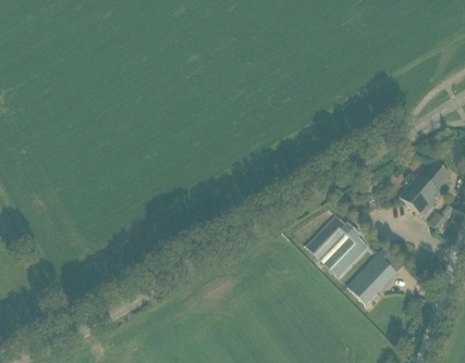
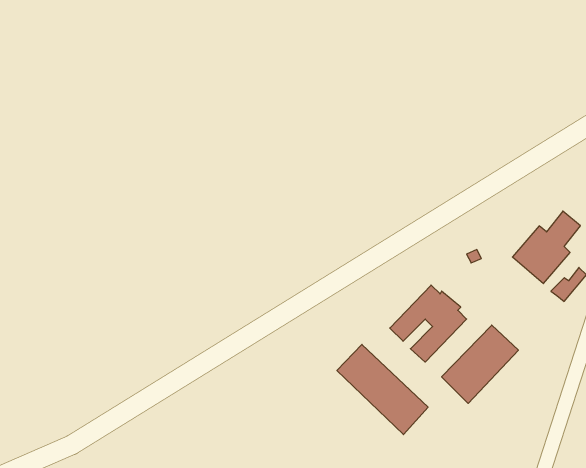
building: none -> [337,344,428,435]

